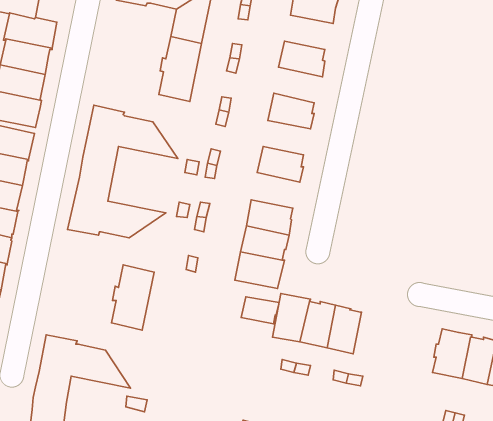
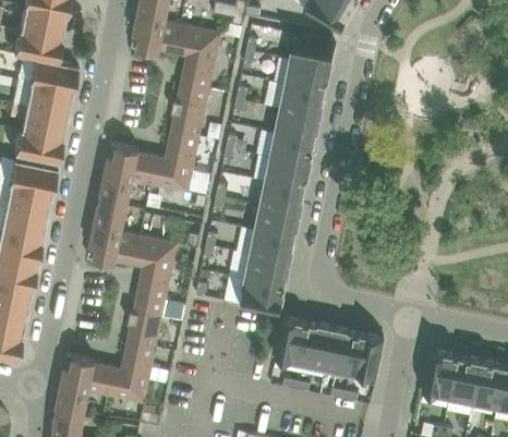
building: none -> [286,60,330,92]
building: none -> [276,108,320,141]
building: none -> [165,133,198,192]
building: none -> [266,157,310,189]
building: none -> [255,205,300,238]
building: none -> [137,242,177,296]
building: [241,297,279,324] -> none
building: none -> [349,331,383,376]
building: none -> [121,343,155,403]

